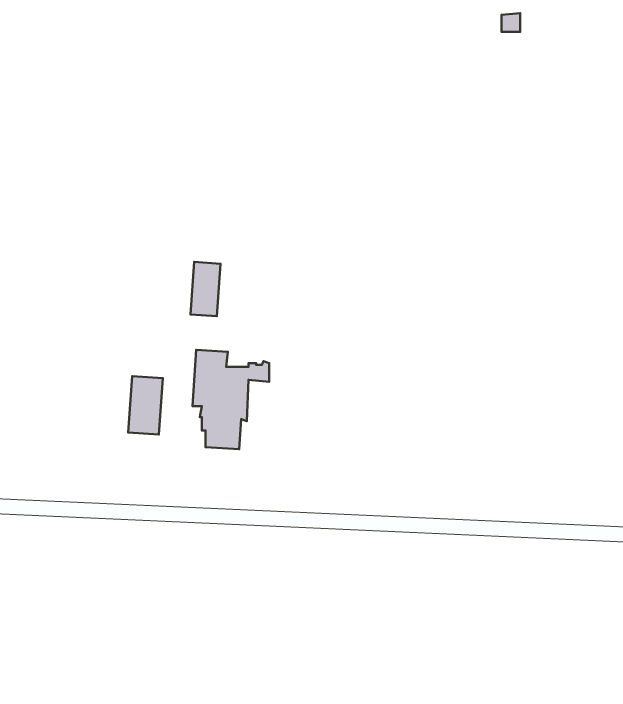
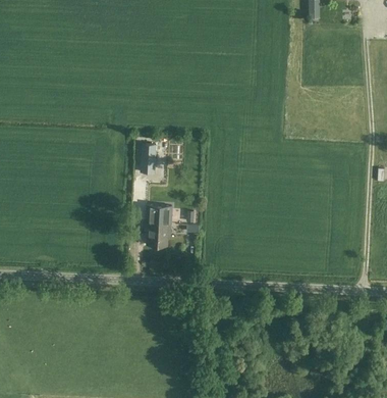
building: [128,376,163,435] -> none

